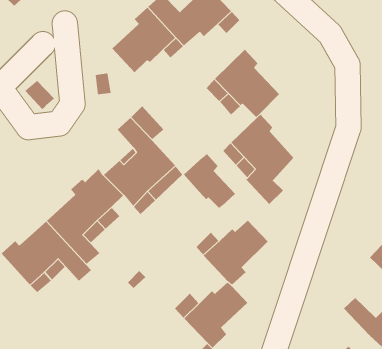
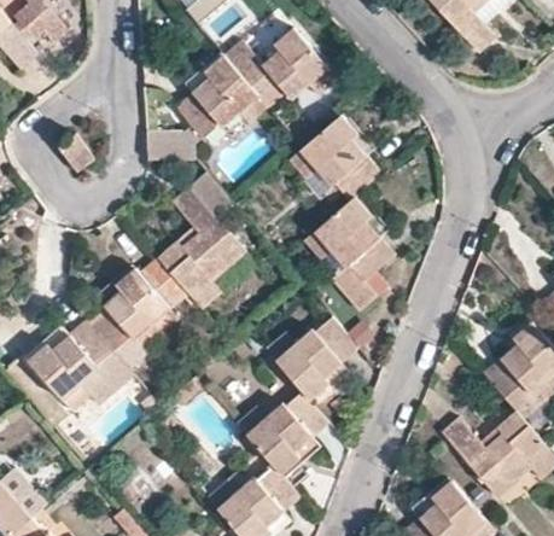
building: [183,153,236,209] -> none

